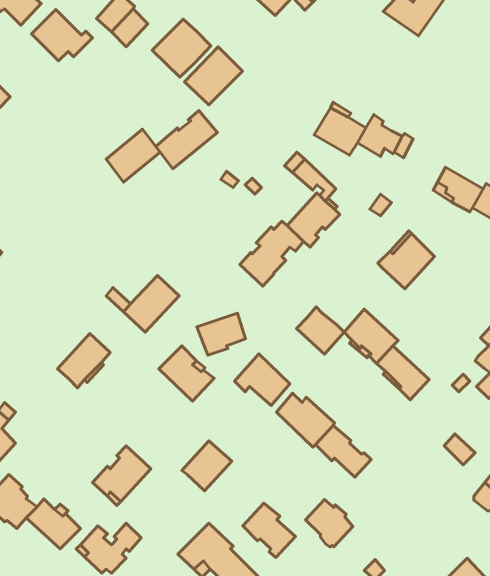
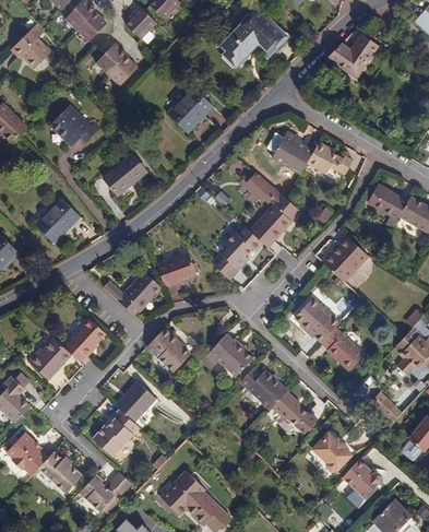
building: [32,10,92,61] -> [50,105,99,146]
building: [152,19,211,77] -> none
building: [156,110,217,169] -> none
building: none -> [35,198,82,243]
building: [297,307,344,354] -> none
building: [197,313,246,355] -> [157,253,196,287]
building: none -> [29,338,73,379]
building: [182,441,232,491] -> [116,381,156,422]
building: [306,499,353,547] -> [314,434,353,472]
building: [243,503,295,557] -> none
building: none -> [342,460,381,498]

